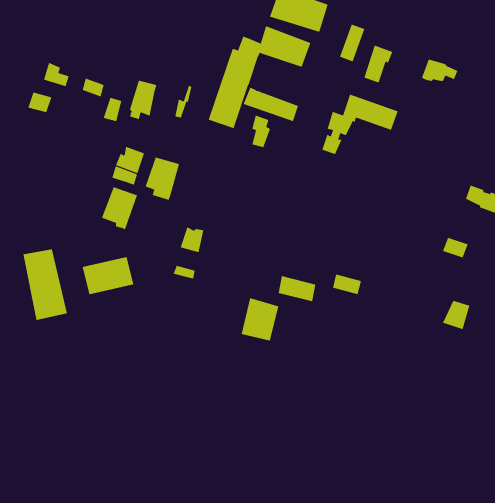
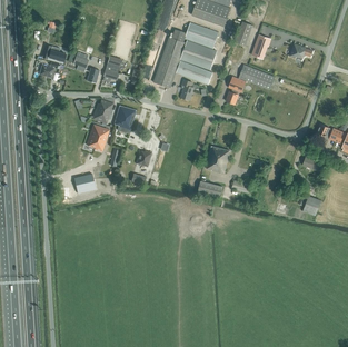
building: none -> [179,40,216,70]
building: [23,248,68,321] -> none
building: [241,297,279,341] -> [205,146,229,174]

